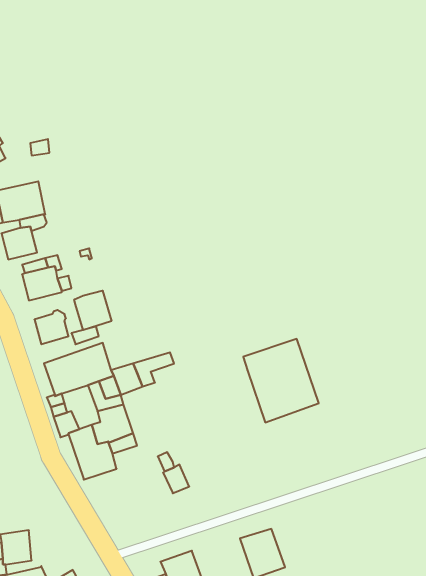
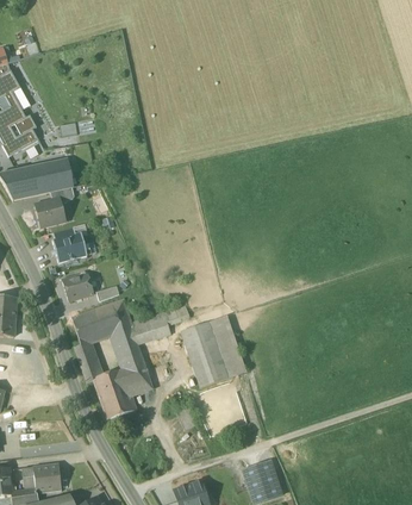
building: [74,291,111,330] -> none
building: [243,339,319,422] -> [181,316,246,388]

